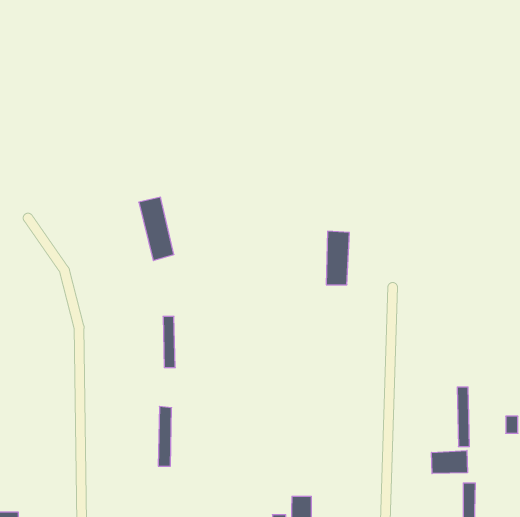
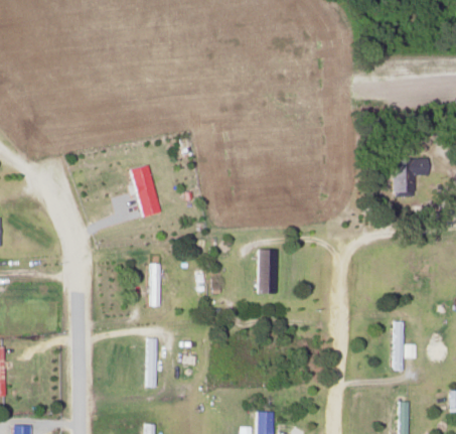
building: none -> [393,157,428,195]
building: [326,231,349,285] -> [258,249,277,293]
building: [432,450,467,474] -> none

